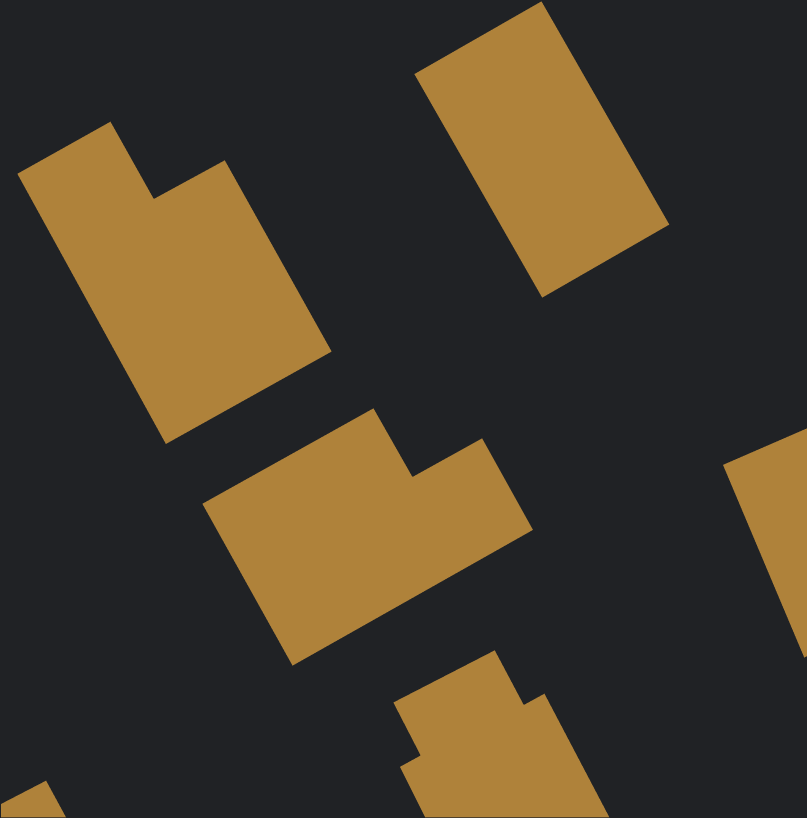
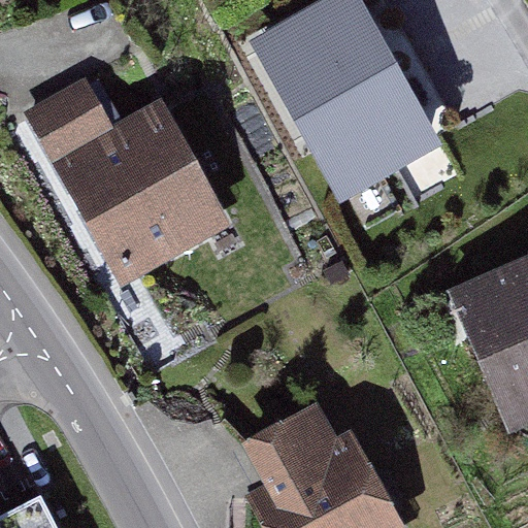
building: [201,407,534,667] -> none

